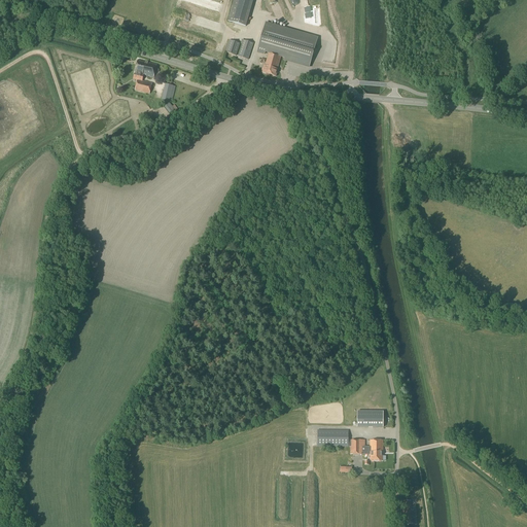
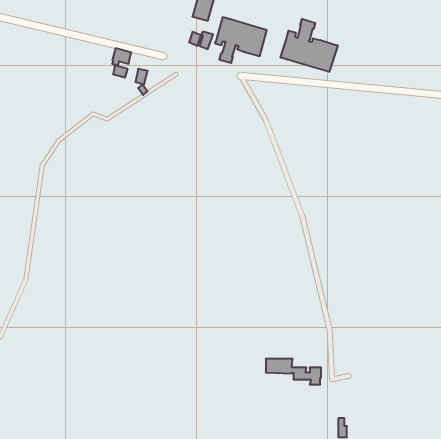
building: none -> [281,19,338,72]
building: [357,410,384,425] -> none

